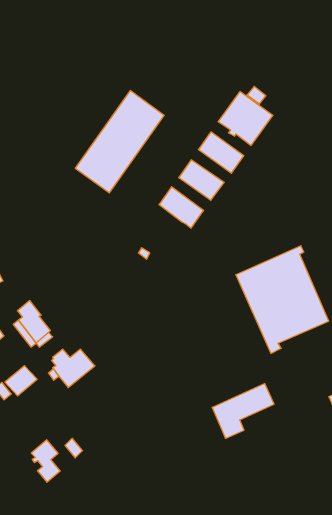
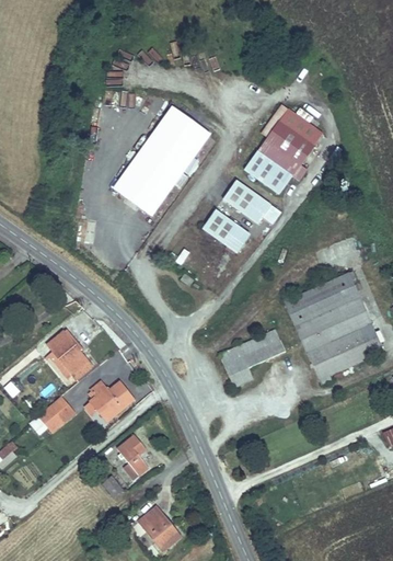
building: [212,384,274,438] -> [219,329,285,387]
building: [31,440,60,482] -> [117,434,148,479]
building: none -> [139,506,180,549]

